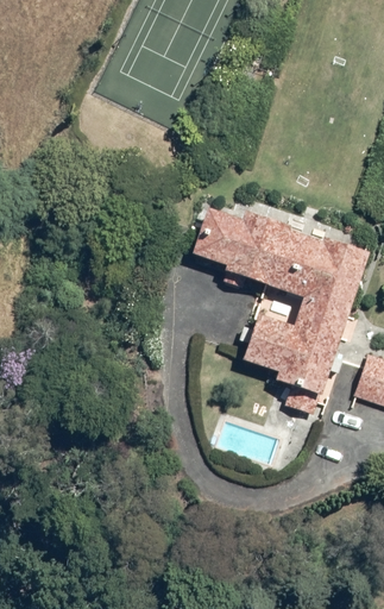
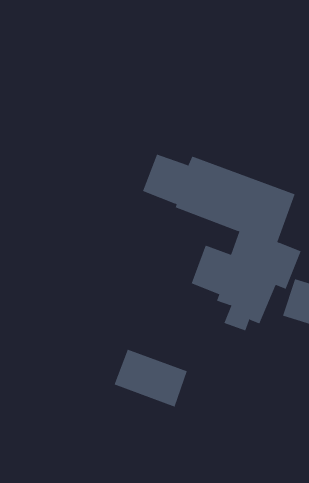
building: none -> [114,349,188,408]

